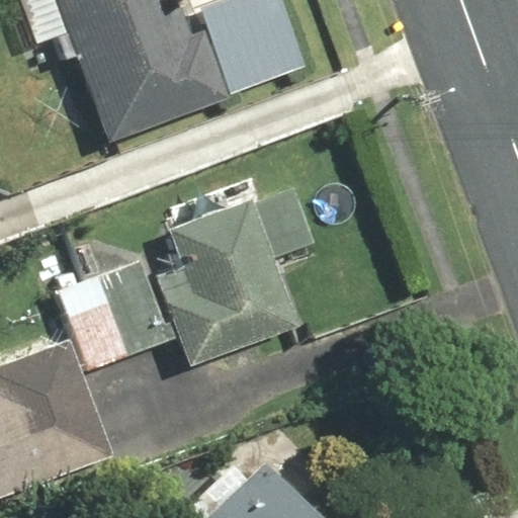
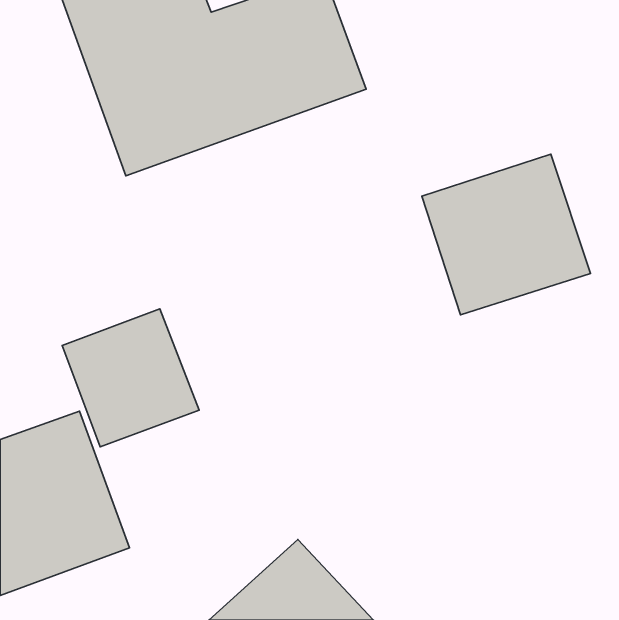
building: none -> [422,154,590,315]
building: [151,172,313,365] -> none

